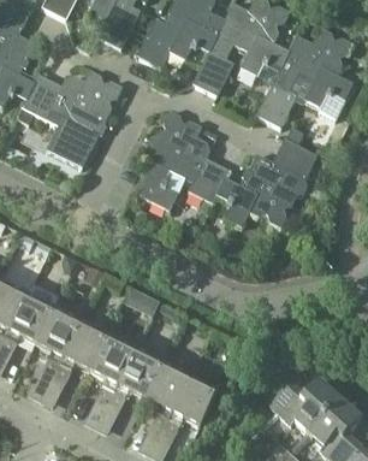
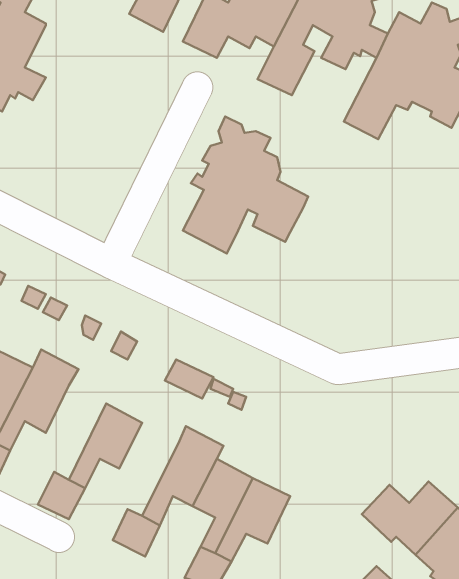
building: [17,69,124,167] -> none
building: [216,125,317,226] -> none
building: [36,308,81,378] -> none
building: [90,336,135,404] -> none

